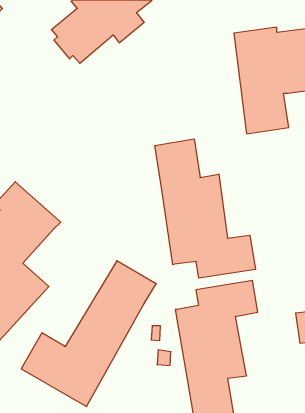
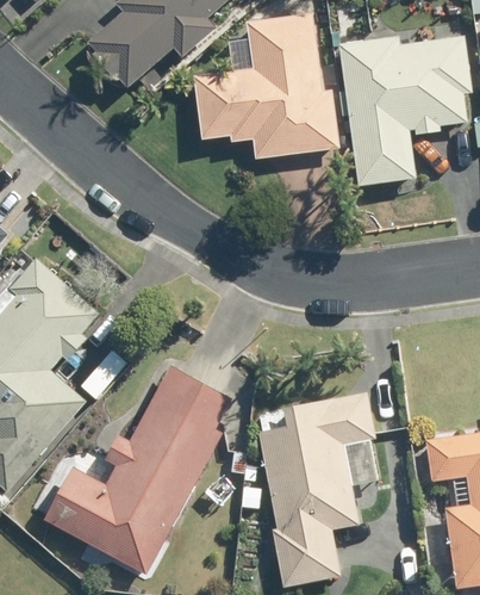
building: none -> [191,14,339,161]
building: [155,139,255,278] -> none

